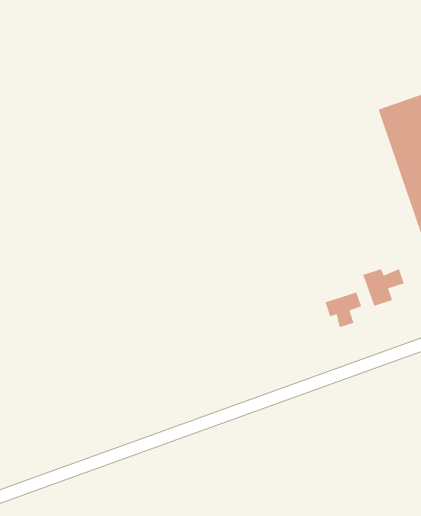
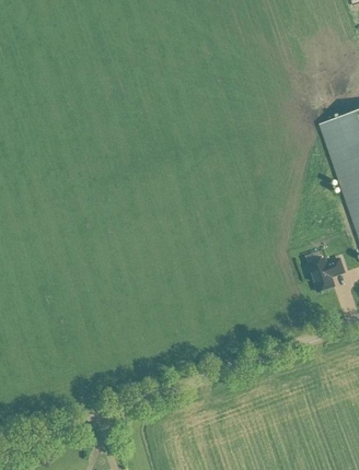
building: [325,292,362,328] -> none

